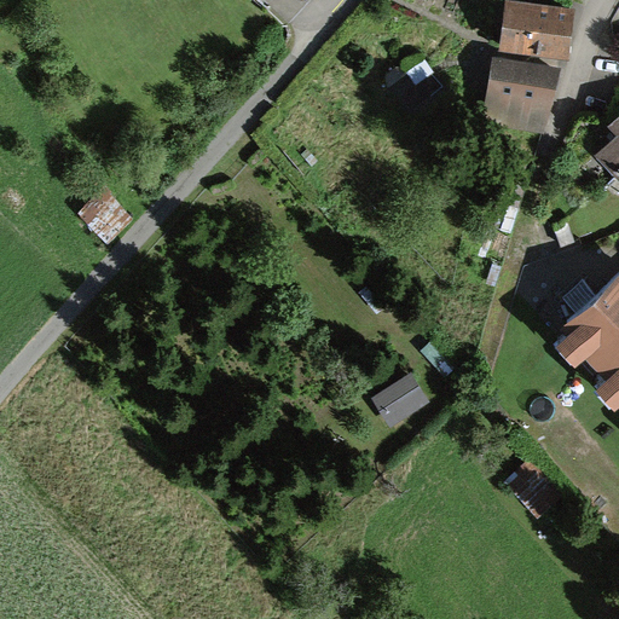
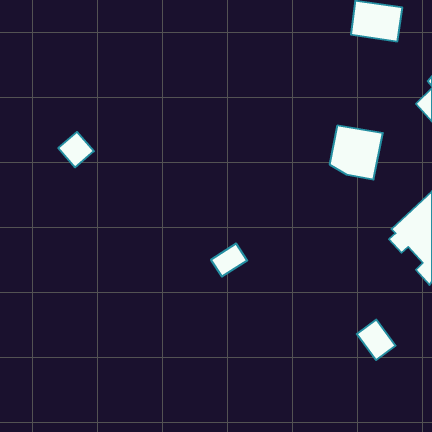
building: [485,57,561,134] -> [330,126,383,180]
building: [368,374,420,421] -> [211,244,247,277]

